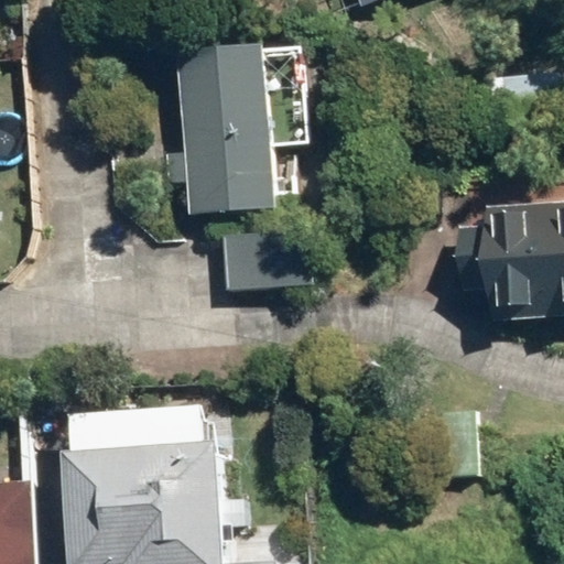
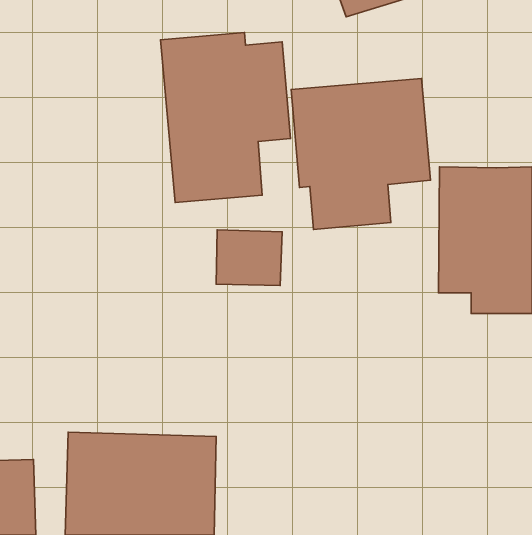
building: none -> [291,79,431,229]

